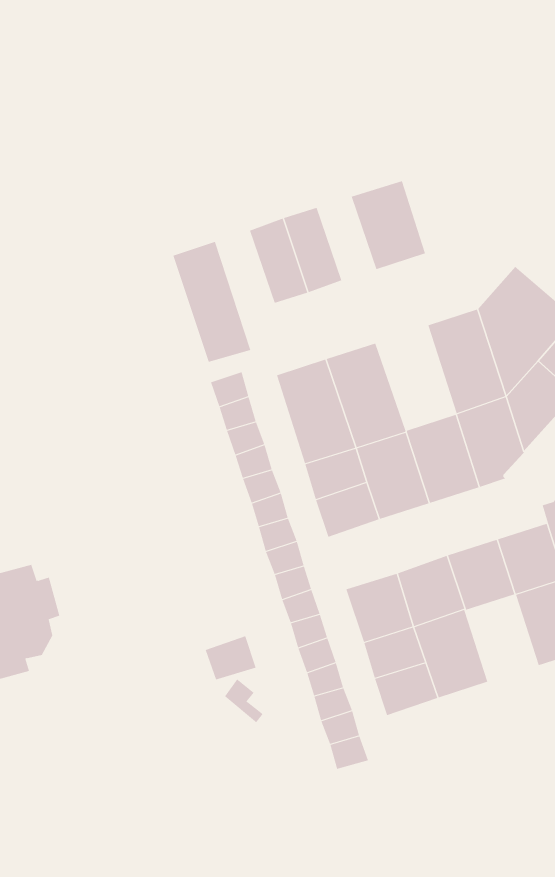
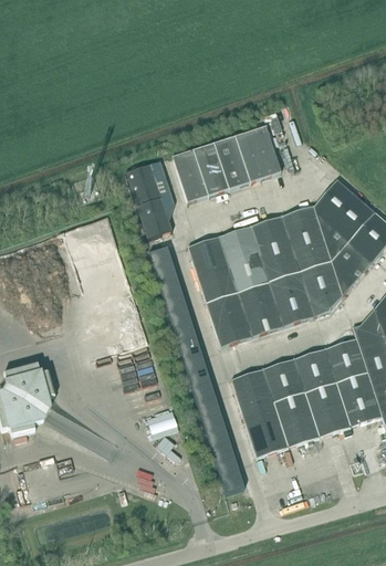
building: none -> [213,136,250,188]
building: none -> [250,216,300,281]
building: none -> [305,382,351,437]

